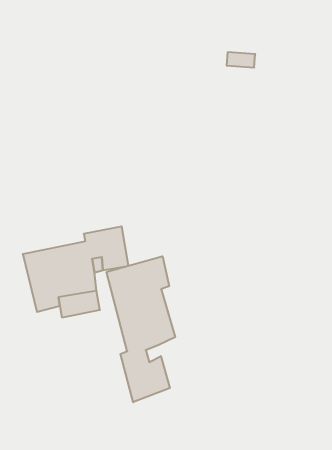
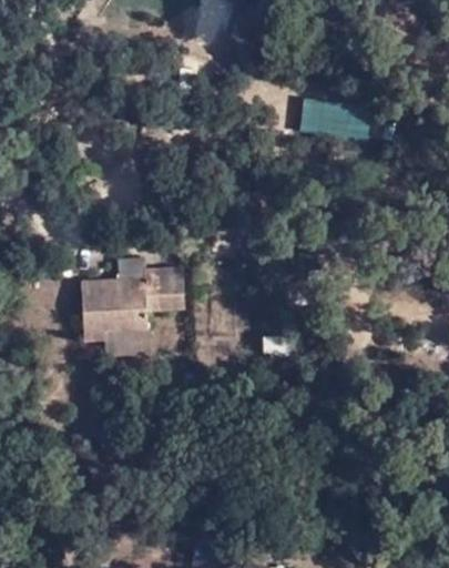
building: [107,256,175,402] -> none

